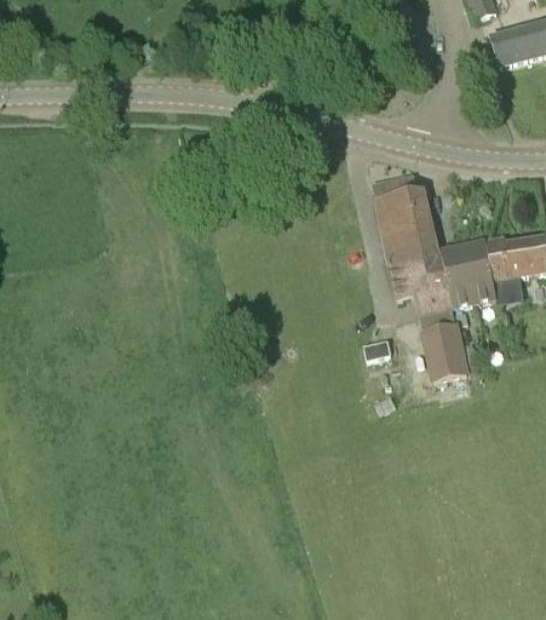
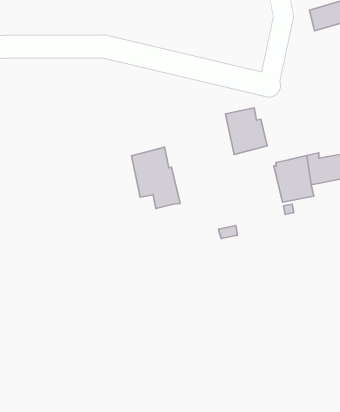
building: [385,226,453,312] -> [132,147,180,209]
building: [423,325,466,378] -> none

